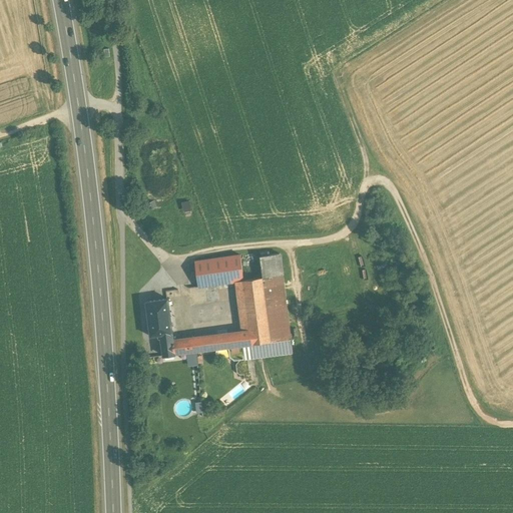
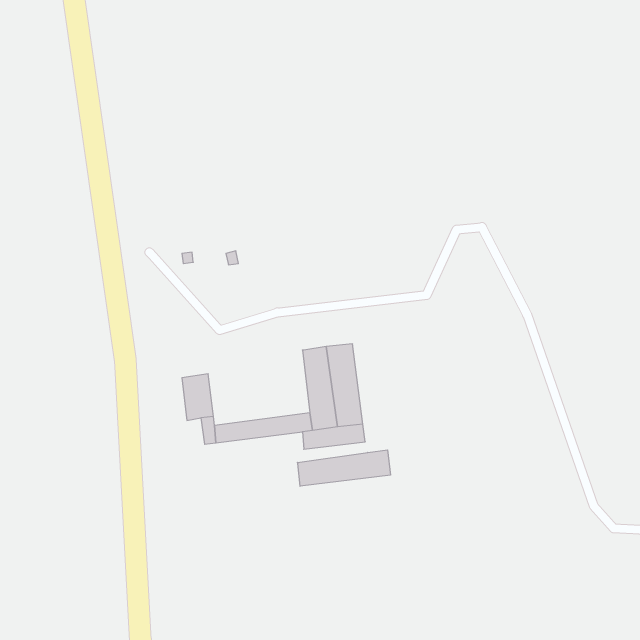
building: [259,253,282,277] -> none
building: [193,254,242,287] -> none
building: none -> [297,450,390,486]

